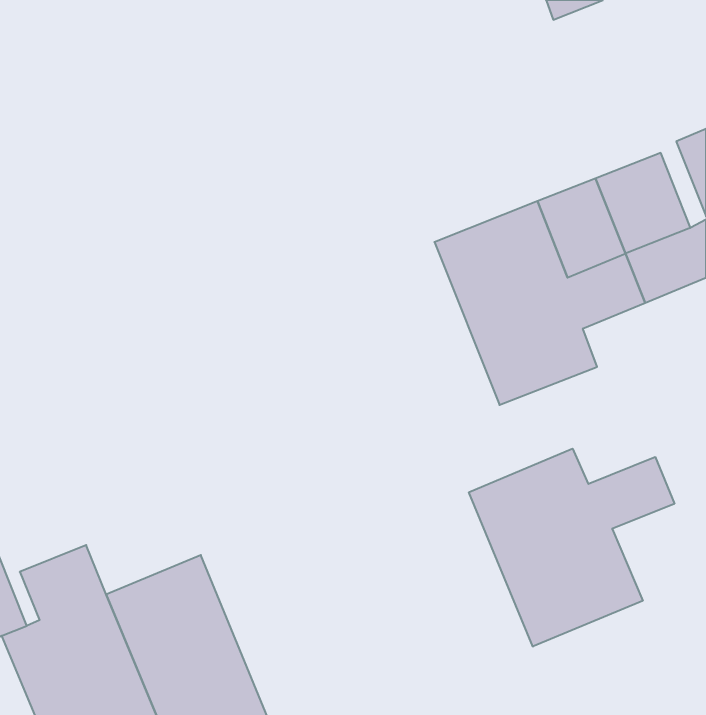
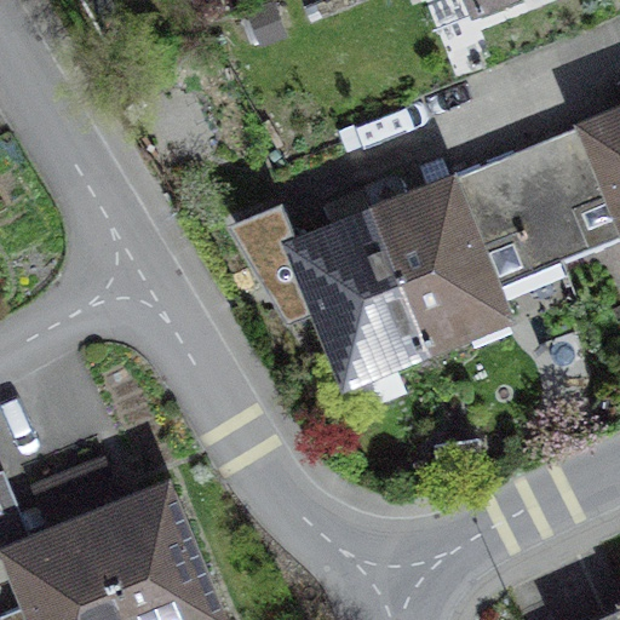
building: none -> [229,184,427,389]
building: [469,449,674,647] -> none

